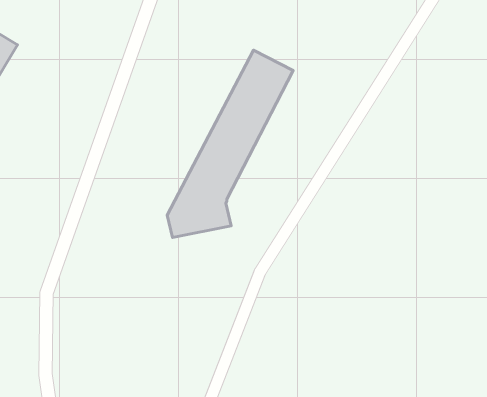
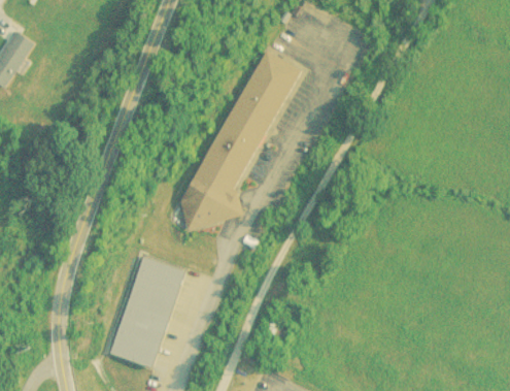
building: none -> [108,260,181,371]

